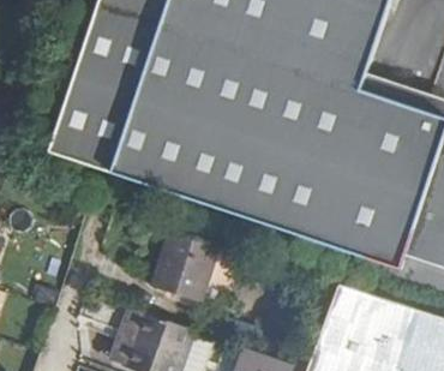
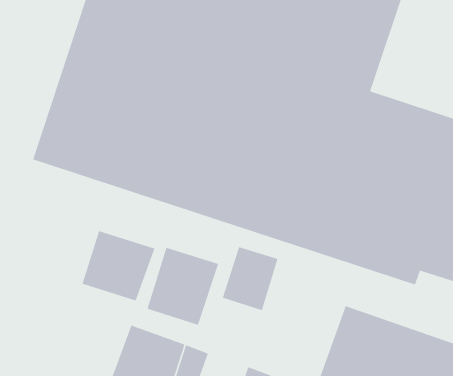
building: none -> [82,230,156,302]
building: none -> [222,246,278,311]

